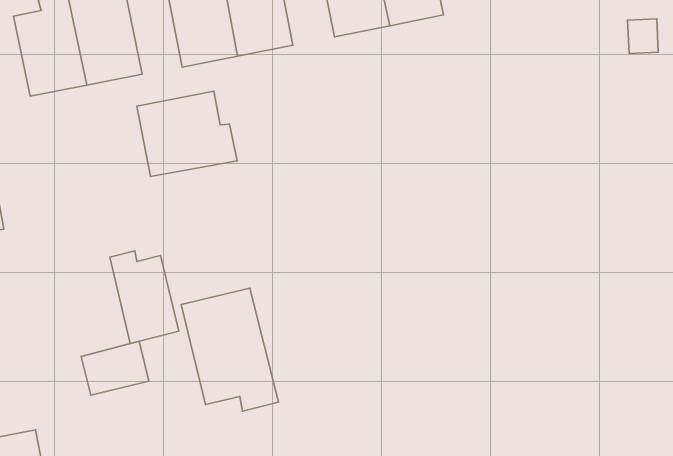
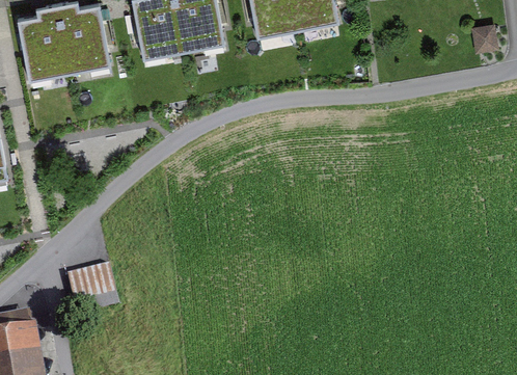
building: [137,91,237,177] -> none
building: [110,251,179,343] -> none
building: [181,288,278,411] -> none

